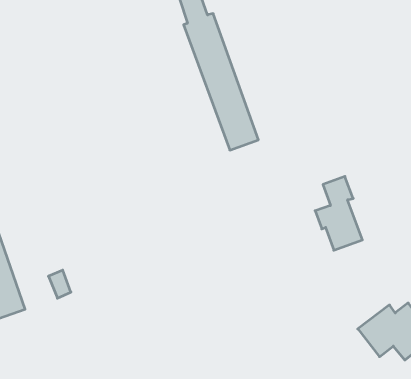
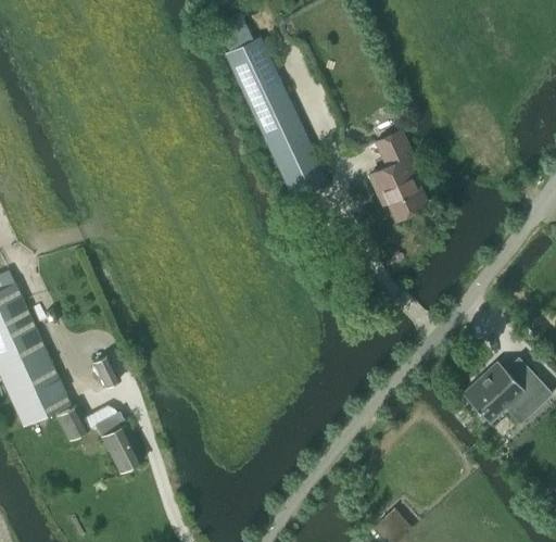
building: [315,176,362,250] -> [369,130,428,218]
building: none -> [58,405,144,472]

